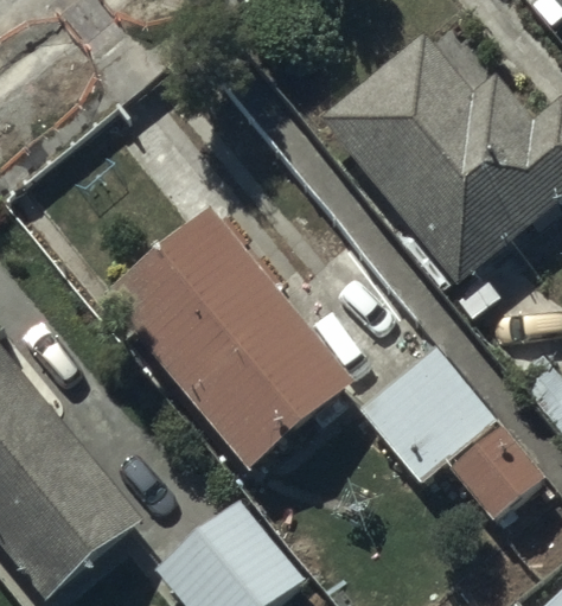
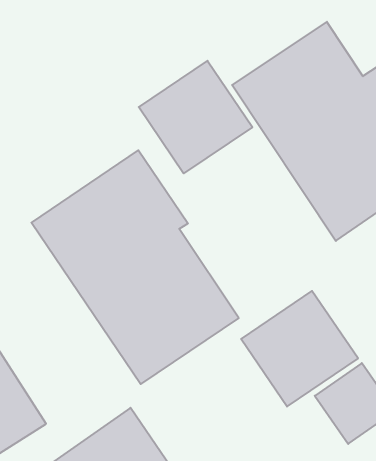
building: none -> [139,61,252,173]

